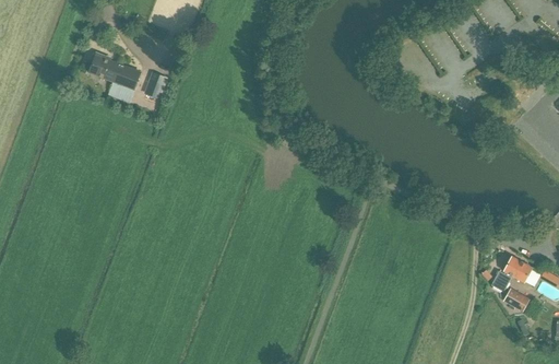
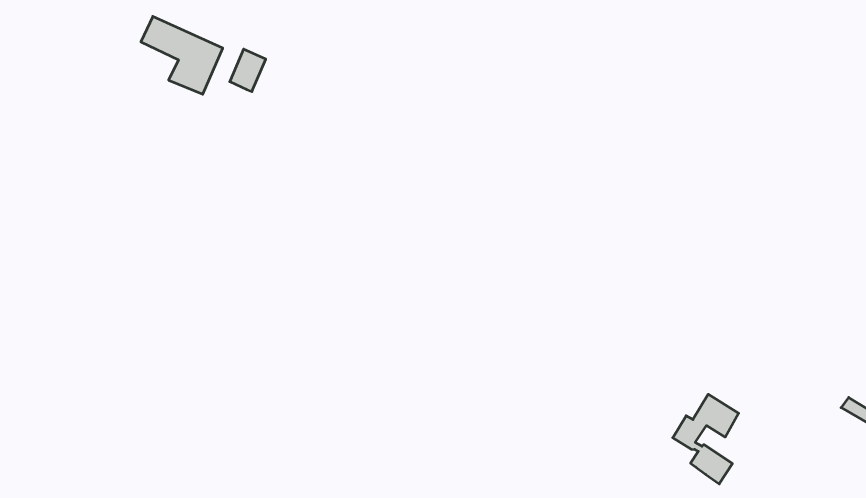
building: [491,255,532,310] -> [673,394,739,484]

